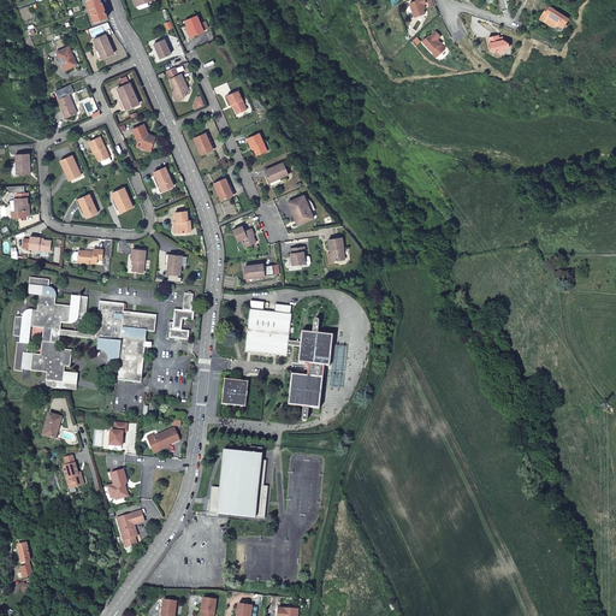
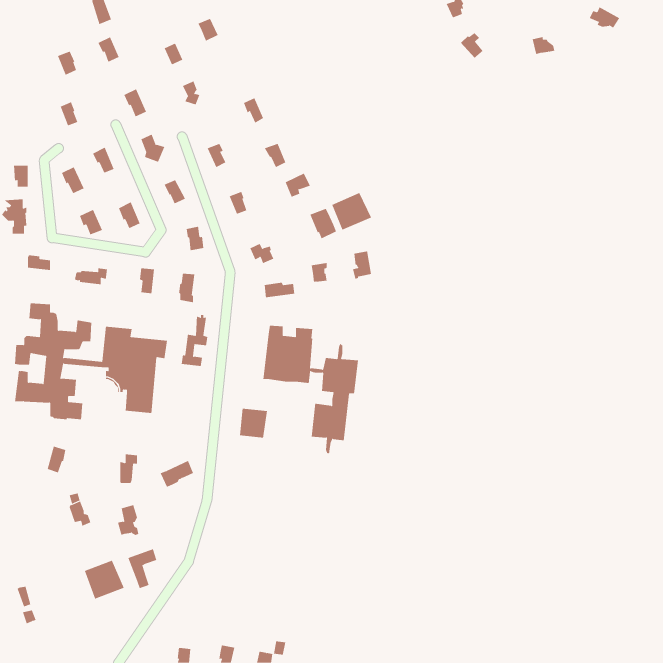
building: none -> [331,192,372,230]
building: [211,443,268,515] -> none
building: none -> [84,560,124,599]

